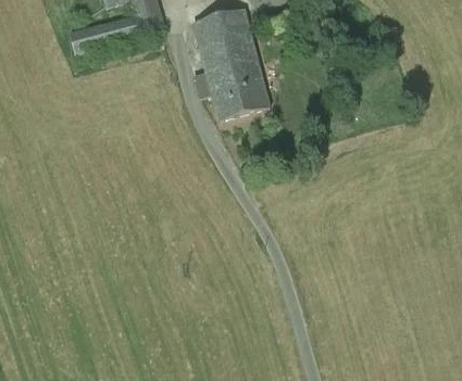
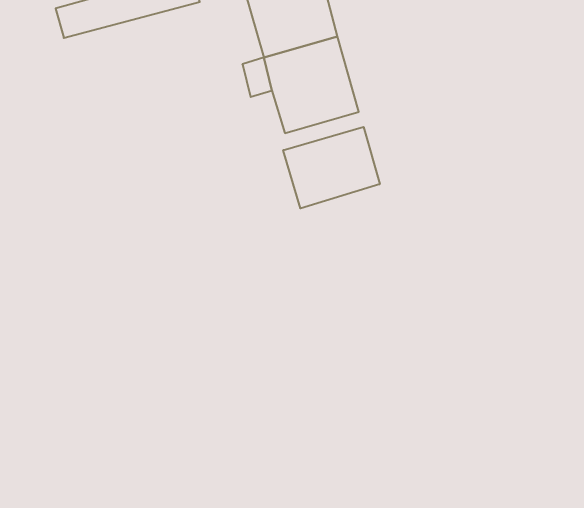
building: none -> [283,127,380,208]

